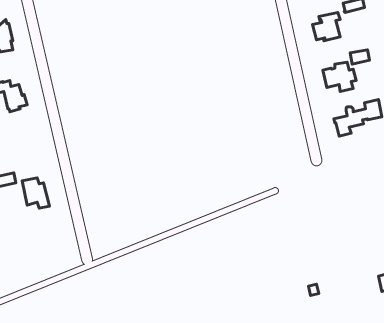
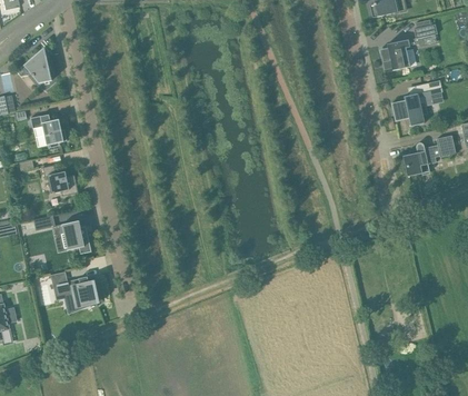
building: none -> [42,165,78,196]
building: none -> [50,271,101,306]

